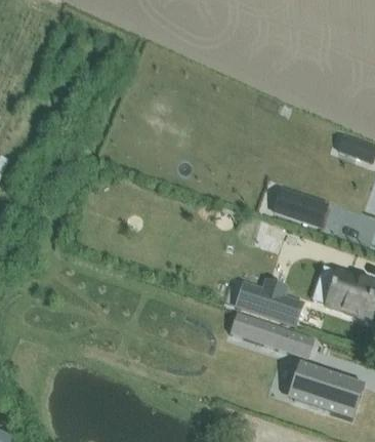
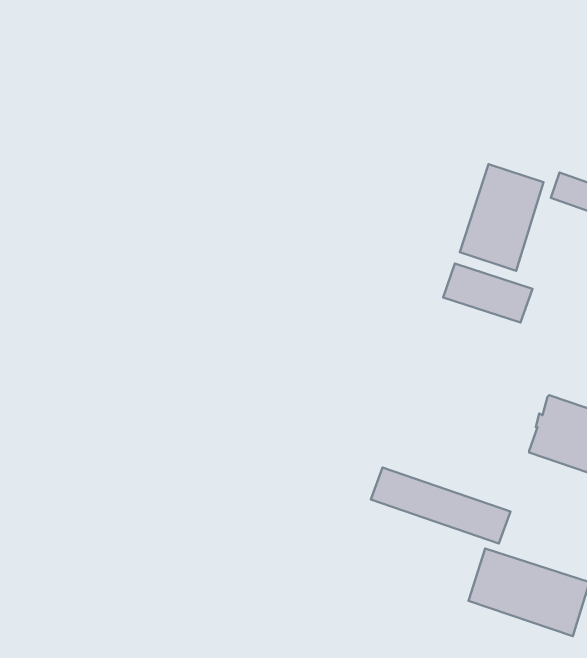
building: none -> [460,164,544,271]
building: [236,282,302,324] -> none

